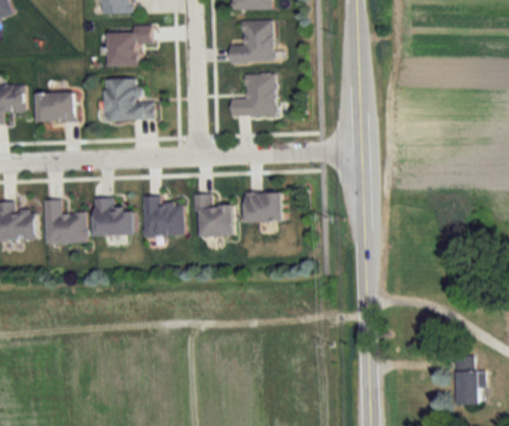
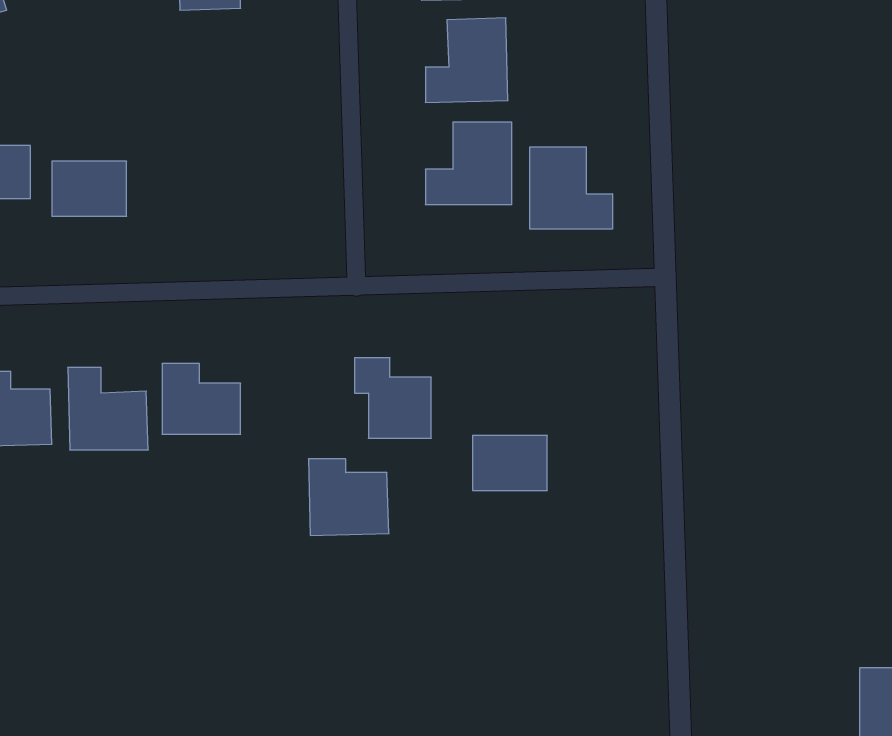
building: [108,24,151,65] -> none
building: [105,78,154,119] -> none
building: none -> [530,147,612,229]
building: [244,193,283,221] -> [473,435,547,490]
building: [142,196,184,235] -> [308,459,389,535]

